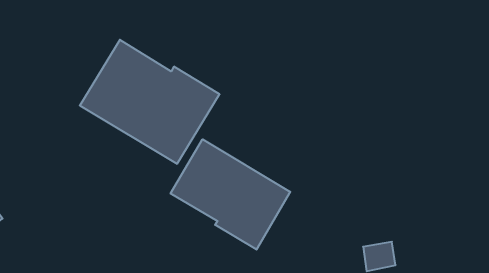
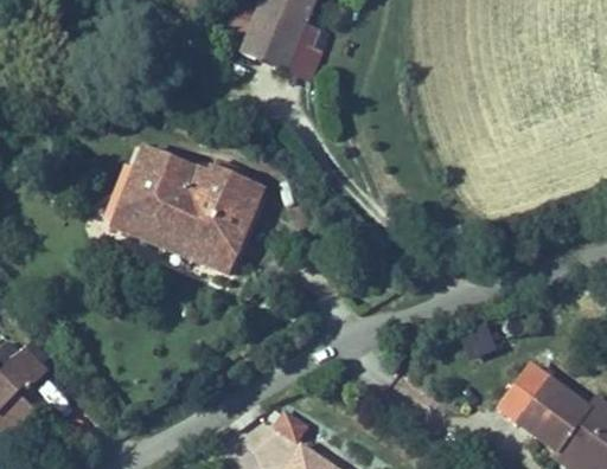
building: [171,139,290,250] -> none

